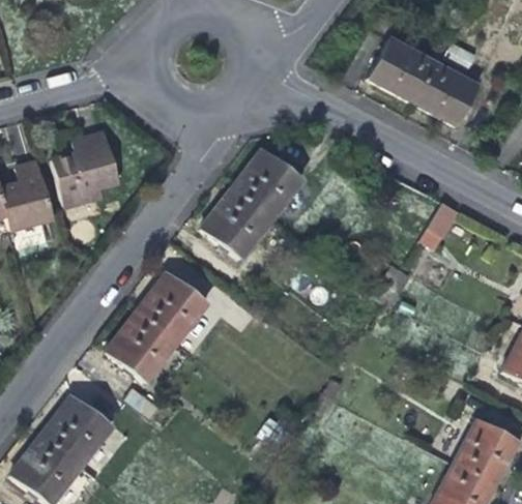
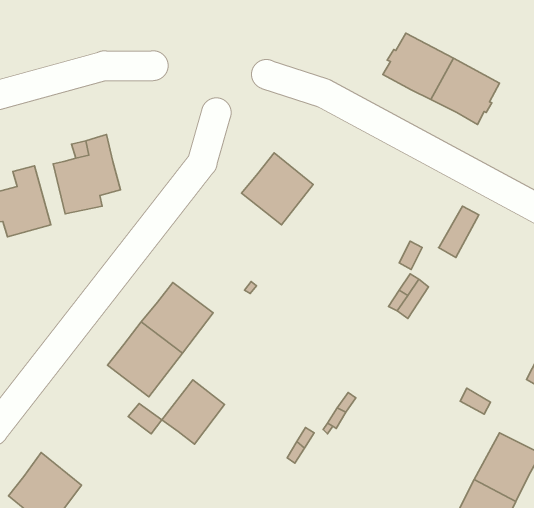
building: [200,188,271,260] -> none
building: none -> [162,380,224,444]
building: [42,396,111,466] -> none

